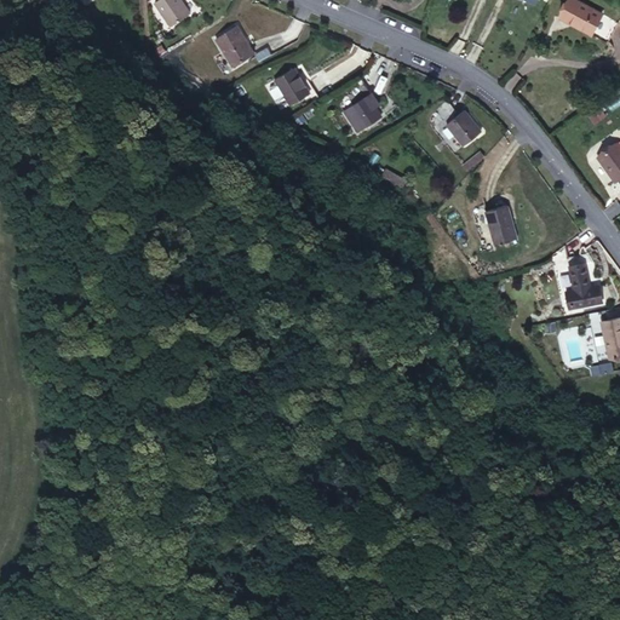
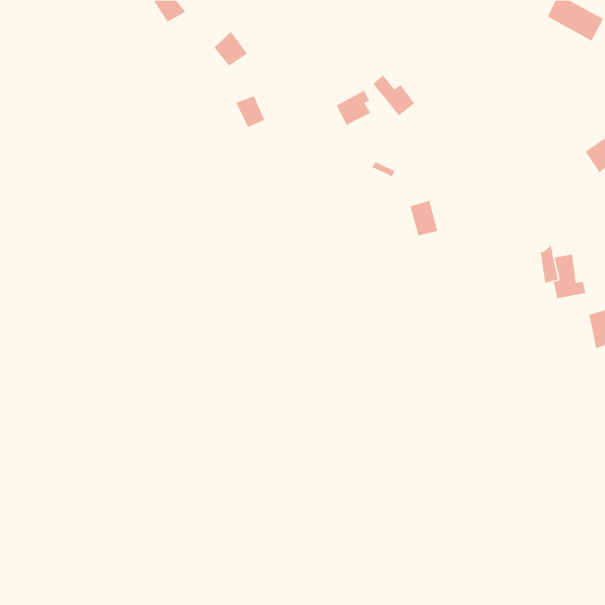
building: [280,70,310,103] -> [236,95,265,127]
building: [436,104,480,147] -> [372,75,415,116]
building: [487,203,516,240] -> [410,200,438,236]

